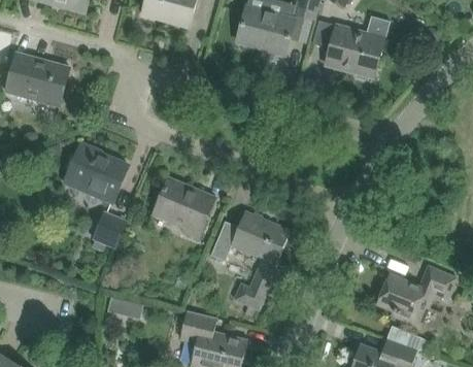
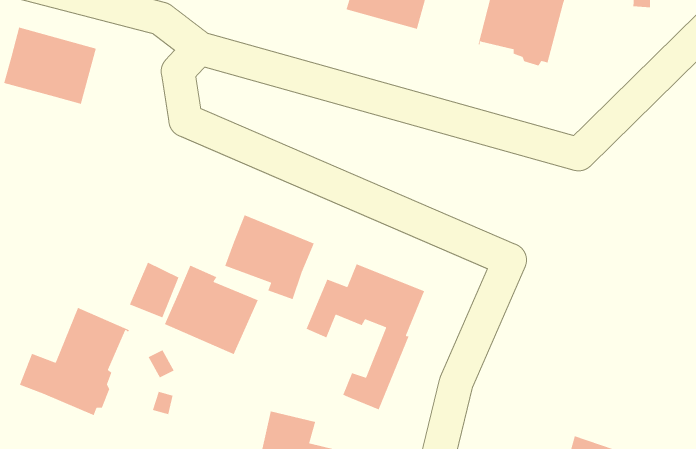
building: [65,141,129,202] -> [164,264,259,355]
building: none -> [19,307,130,416]
building: [375,266,455,327] -> none

